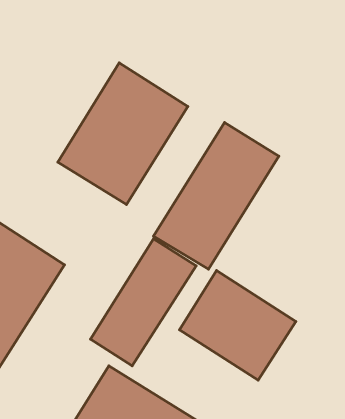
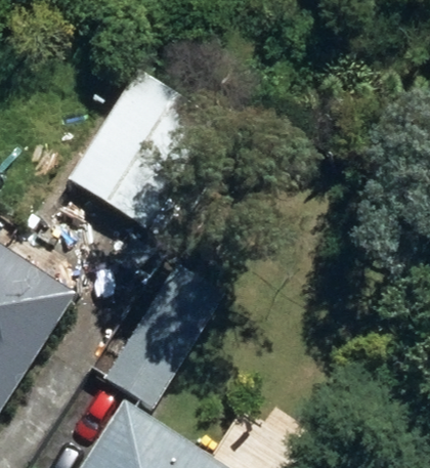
building: [153,123,279,269] -> none
building: [179,270,296,380] -> none

